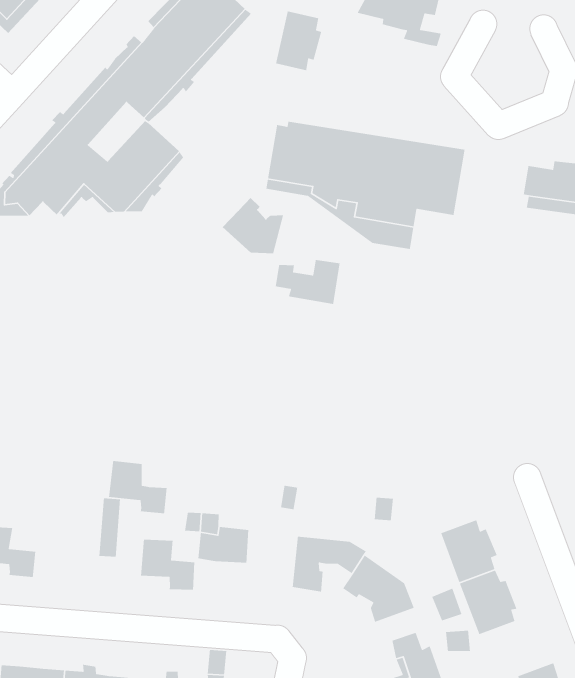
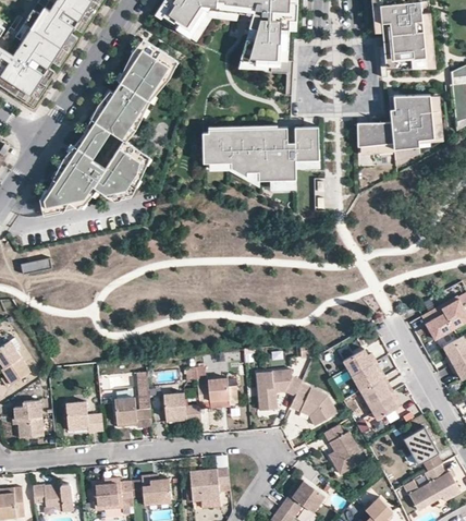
building: [275,11,322,71] -> none
building: [222,197,284,254] -> none
building: [275,259,341,305] -> none
building: [108,460,167,514] -> [114,397,151,426]

